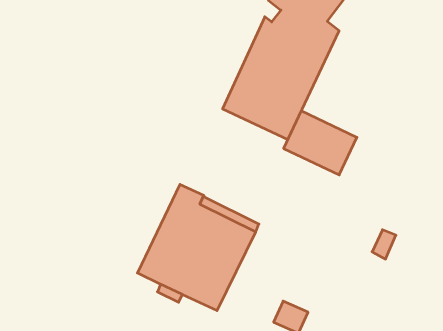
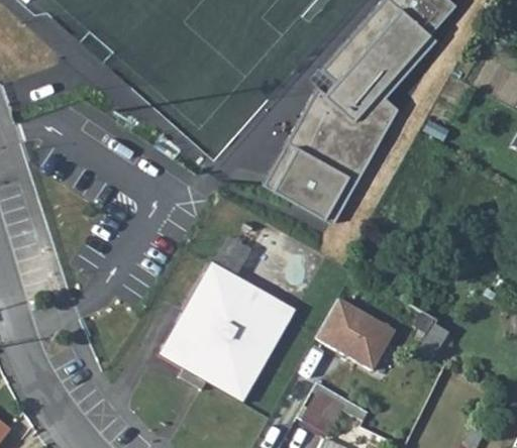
building: [284,111,357,175] -> [316,298,397,370]

